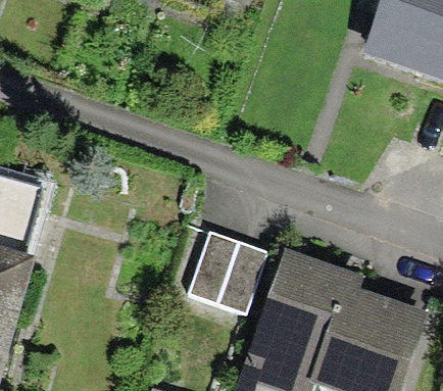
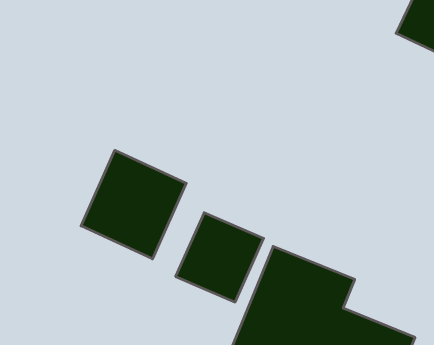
building: none -> [81,150,186,259]

